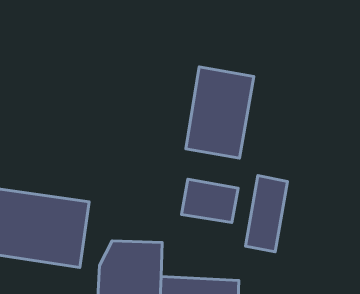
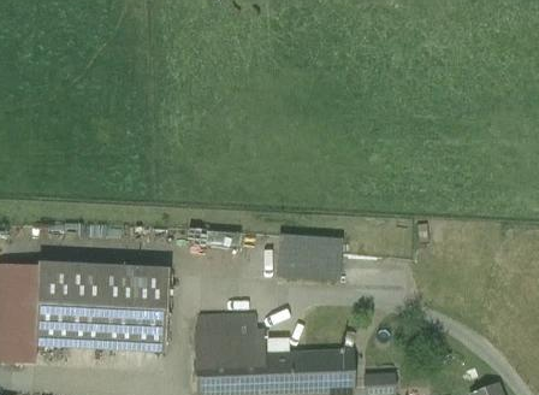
building: [186,67,254,158] -> none
building: [245,176,288,252] -> none

